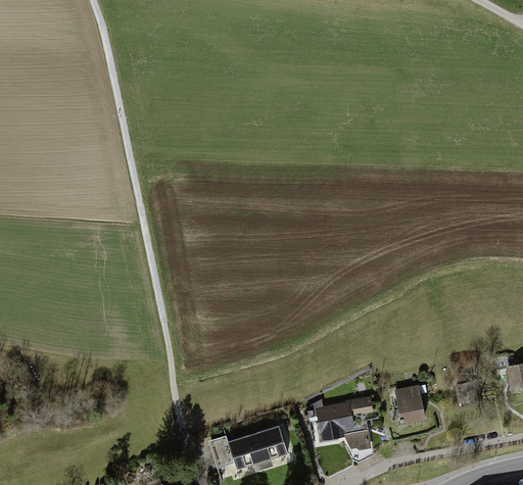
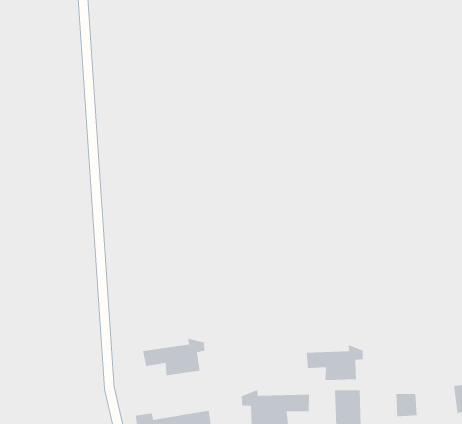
building: none -> [306,344,363,381]
building: none -> [143,338,205,376]

